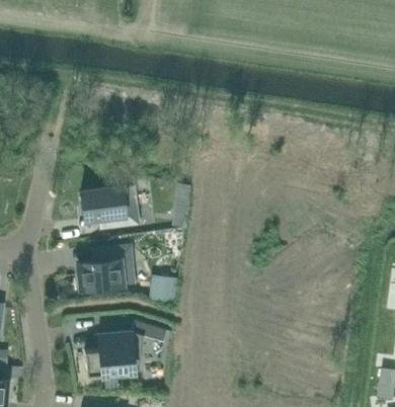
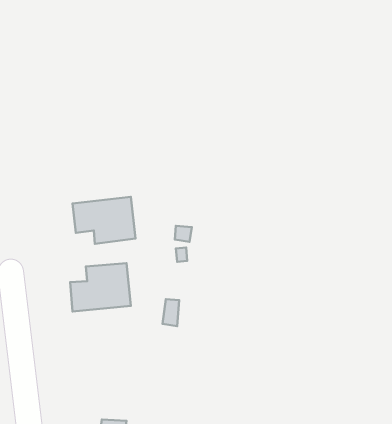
building: [84,320,165,375] -> none

